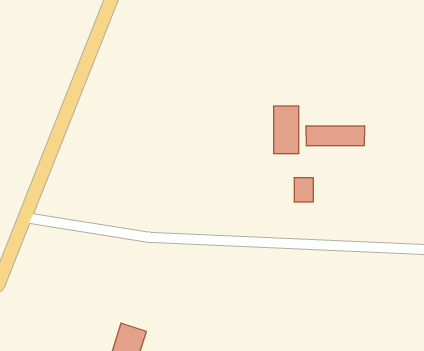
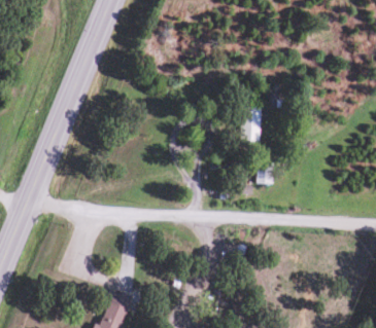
building: [306,126,365,146] -> none

